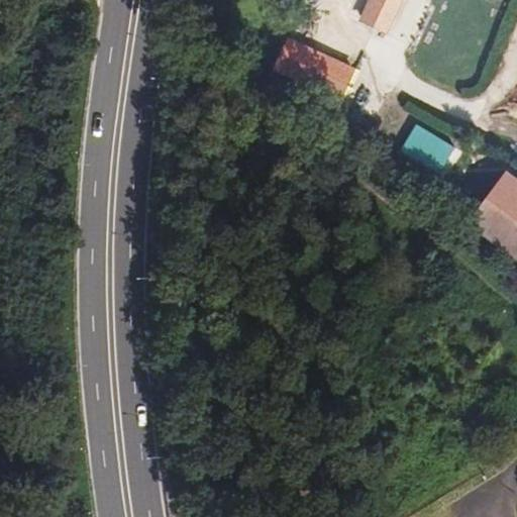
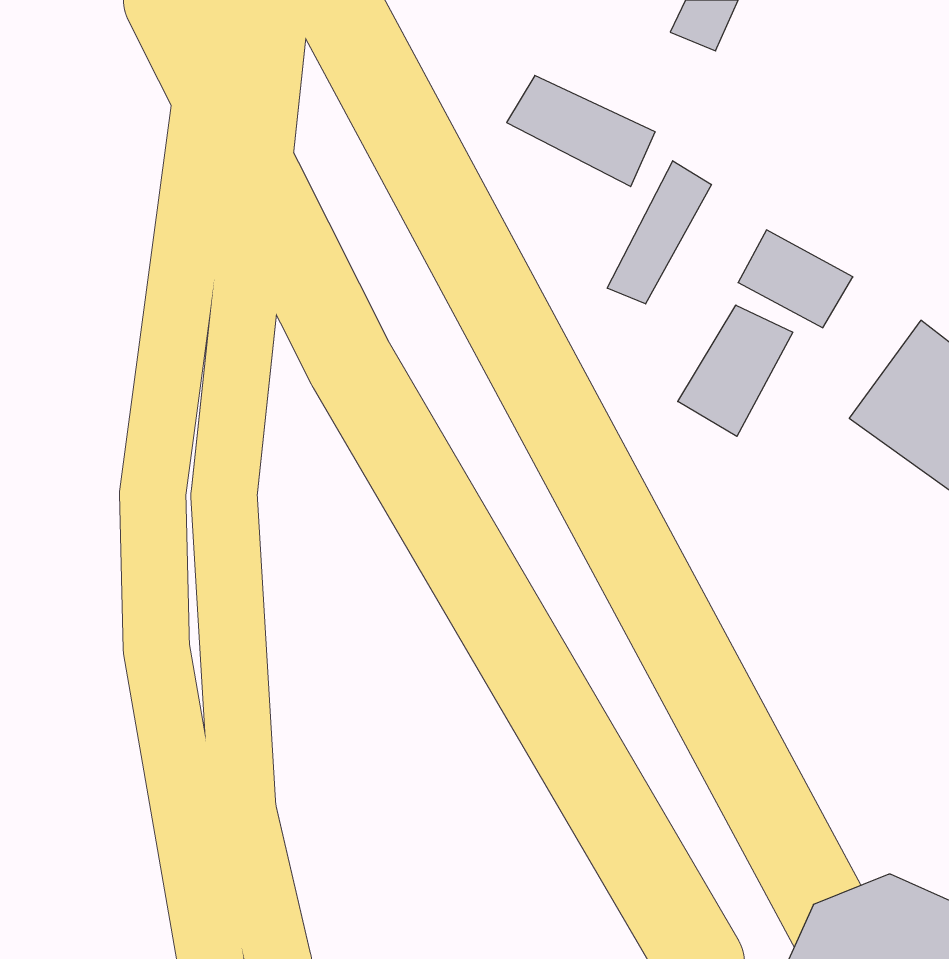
building: none -> [607,161,711,304]
building: none -> [678,305,793,436]

